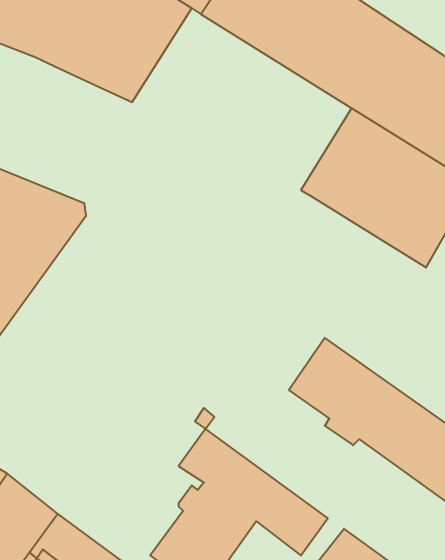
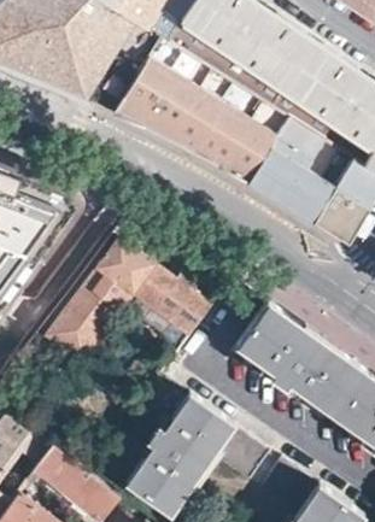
building: none -> [112,37,289,184]
building: none -> [28,240,213,360]

